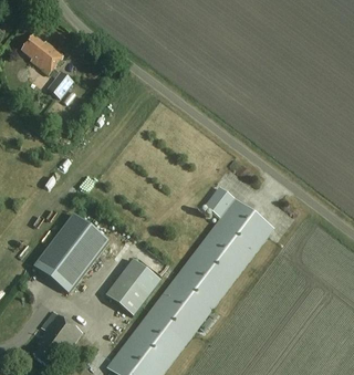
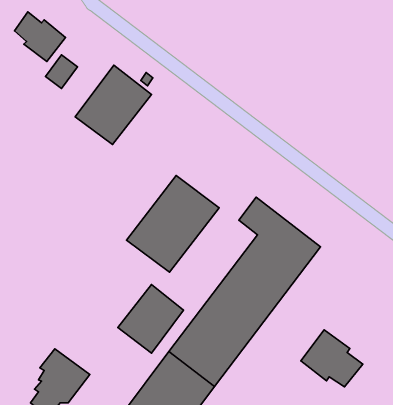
building: none -> [75,65,152,145]
building: [33,212,110,292] -> [127,176,219,272]
building: none -> [301,330,363,387]

